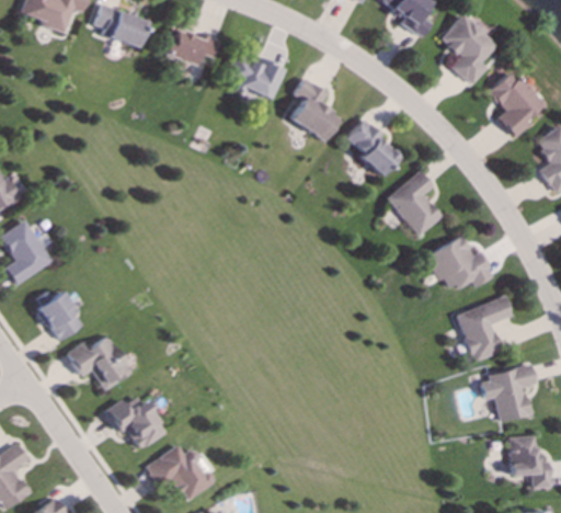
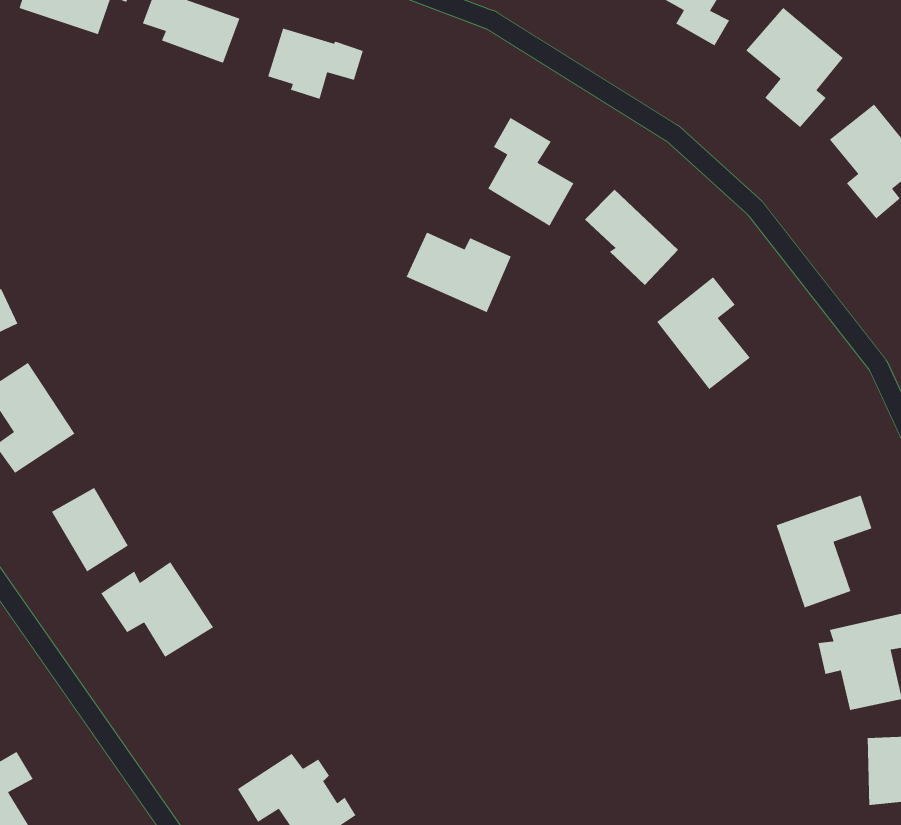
building: [224,54,285,101] -> [405,232,512,313]
building: [425,236,494,290] -> none
building: [106,395,165,449] -> none

